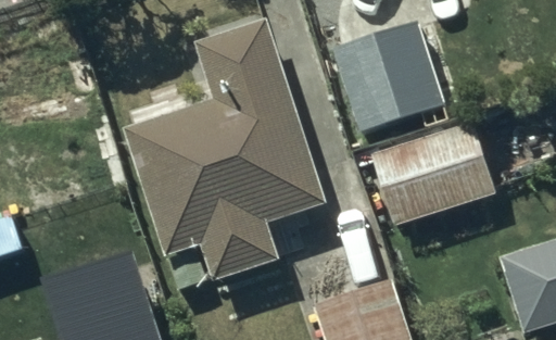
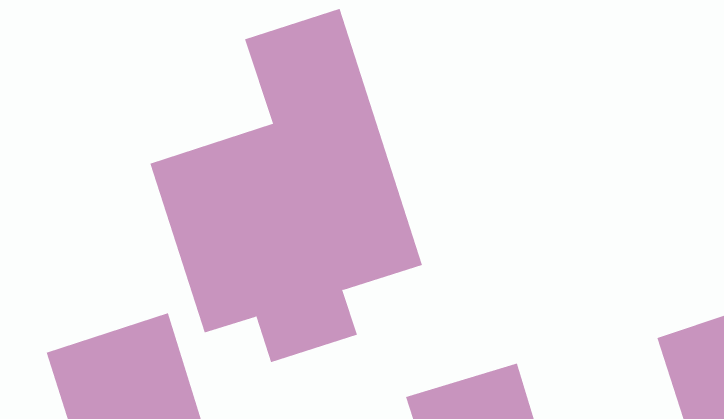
building: [330,18,447,133] -> none
building: [369,121,494,225] -> none

